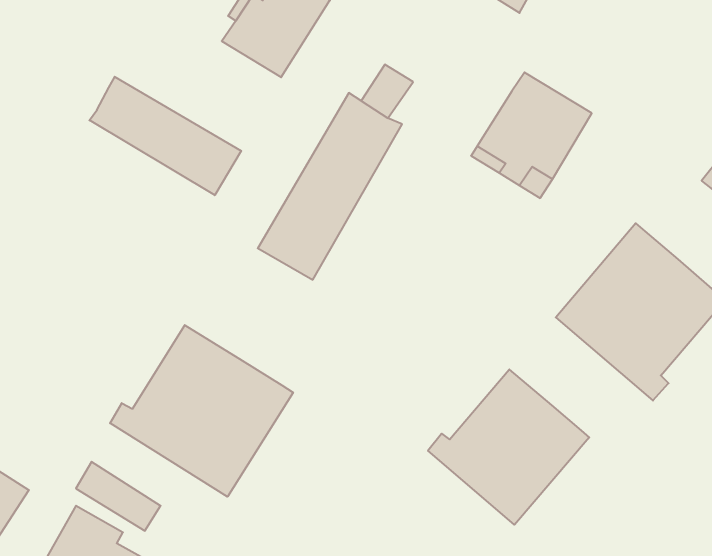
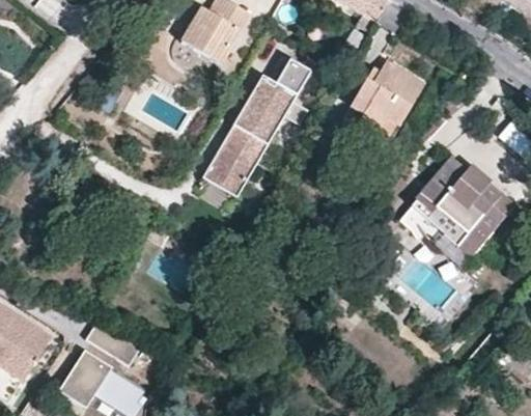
building: [89,77,241,195] -> none
building: [110,325,293,497] -> none
building: [428,369,589,525] -> none

